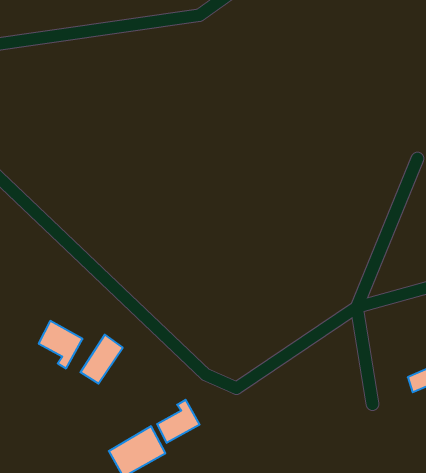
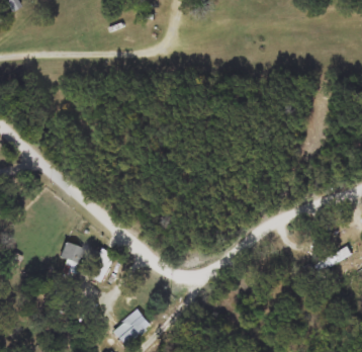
building: [157,400,200,443] -> none

